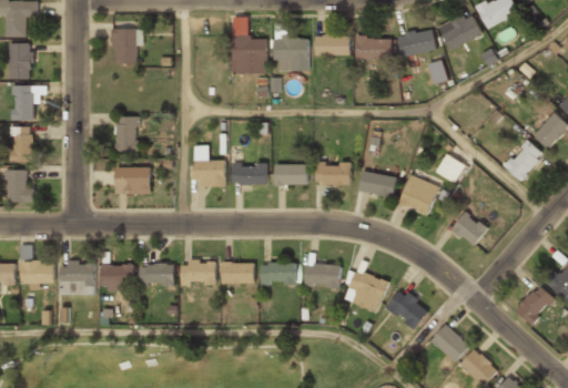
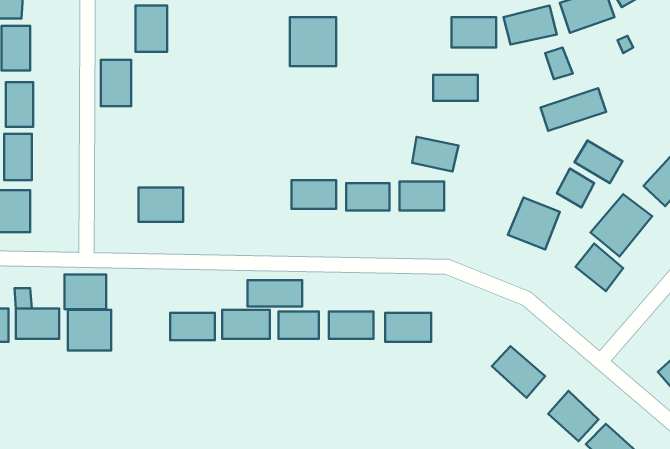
building: [314,37,348,57] -> [433,75,478,101]
building: [273,38,307,71] -> none
building: none -> [540,88,606,131]
building: [115,116,139,152] -> [101,60,131,106]
building: none -> [574,140,623,183]
building: [192,146,224,185] -> none
building: [358,172,394,198] -> [412,137,458,171]
building: none -> [590,194,652,257]
building: none -> [248,280,302,307]
building: [100,264,132,290] -> [64,275,106,309]
building: [343,269,388,313] -> none

